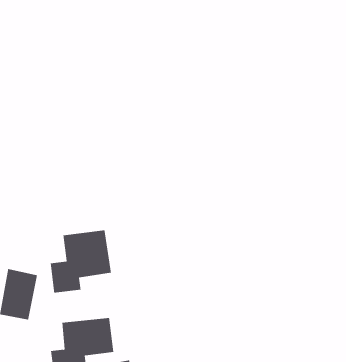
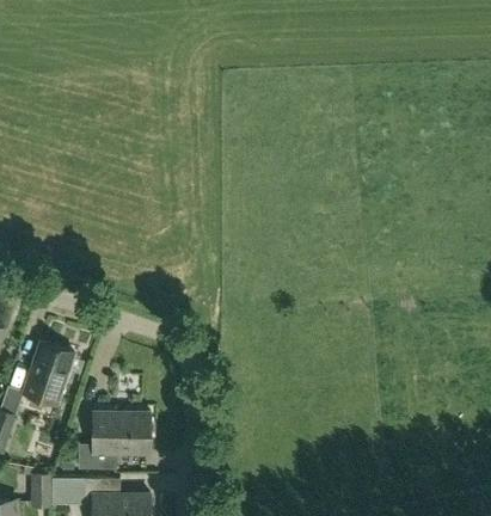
building: [50,230,112,294] -> none

